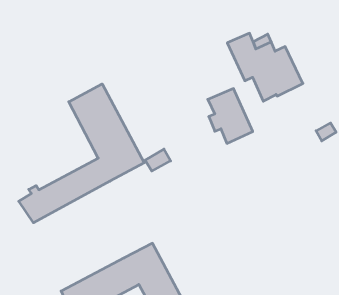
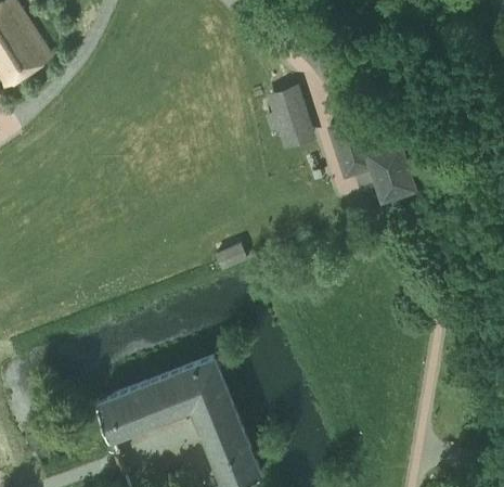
building: [19,84,144,223] -> none
building: [208,89,253,143] -> [263,86,314,151]

